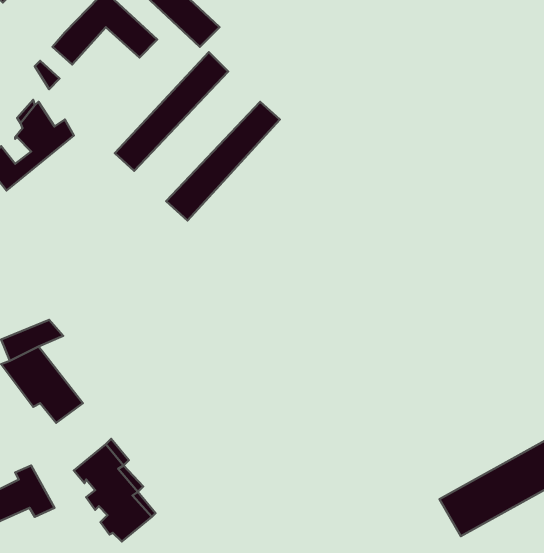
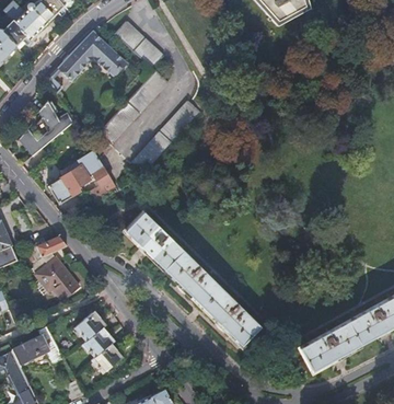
building: none -> [48,149,115,203]
building: none -> [124,210,260,345]

